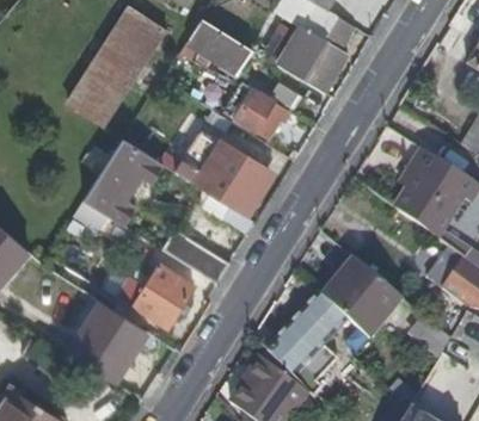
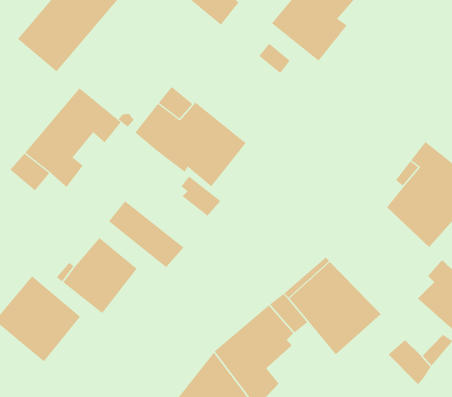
building: [223,82,284,138] -> none

